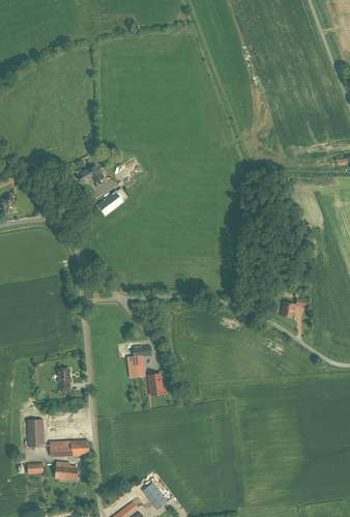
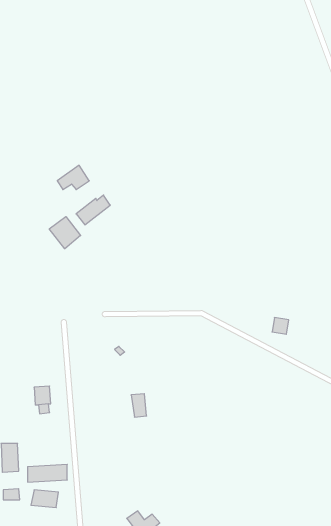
building: none -> [49,217,81,249]
building: [126,347,152,378] -> none

